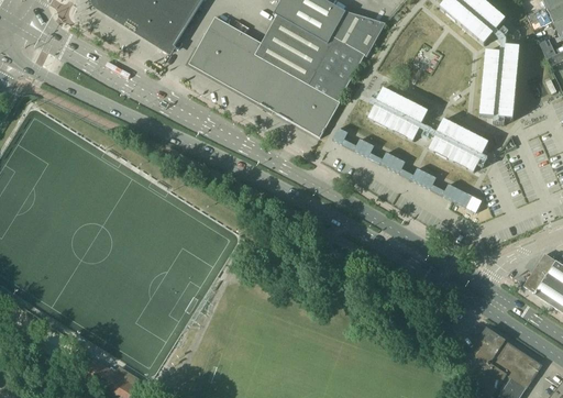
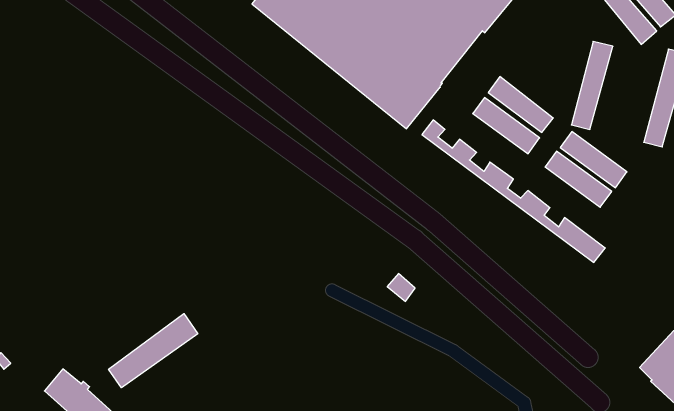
building: [479,49,500,115] -> [571,41,613,129]
building: none -> [109,314,198,388]

